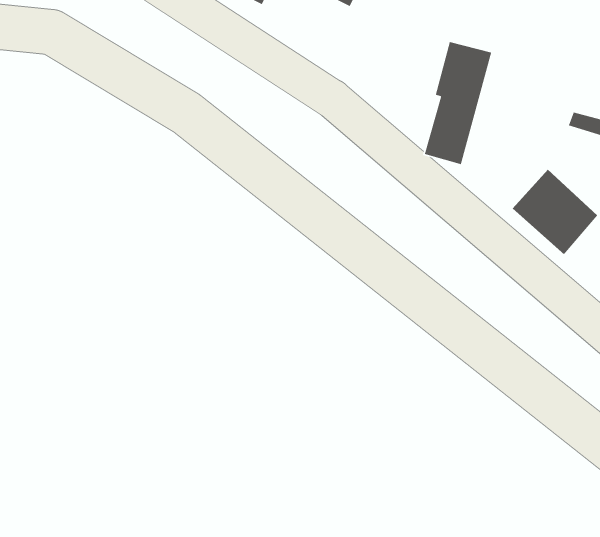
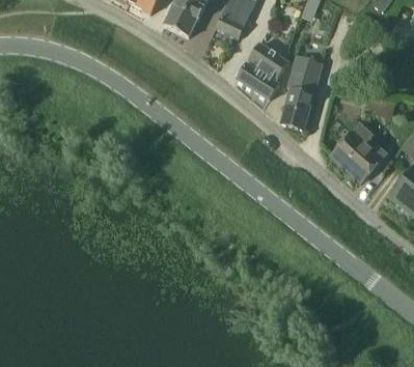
building: none -> [237,43,287,97]

